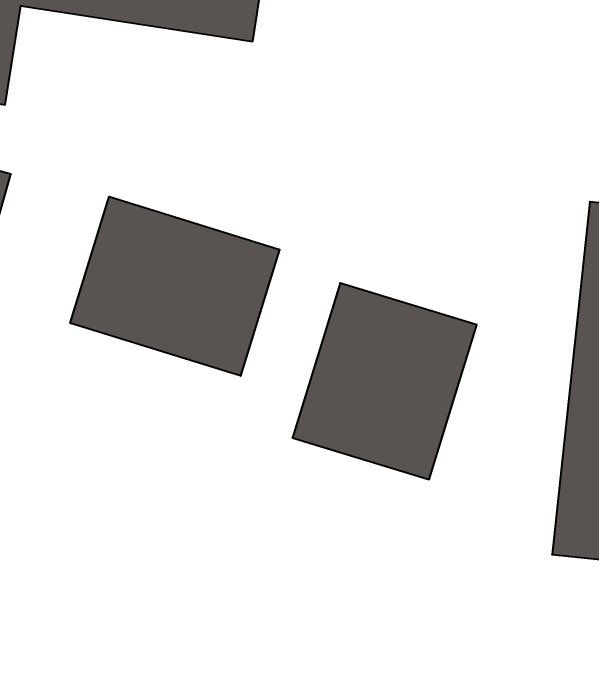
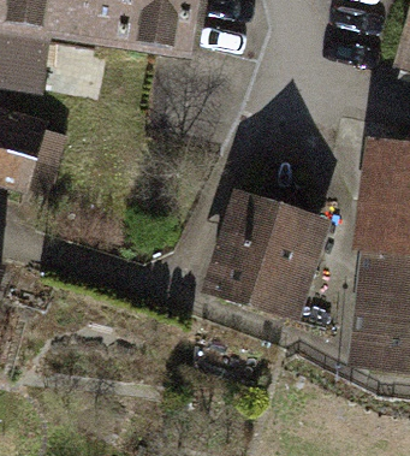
building: [70,197,280,376] -> none

